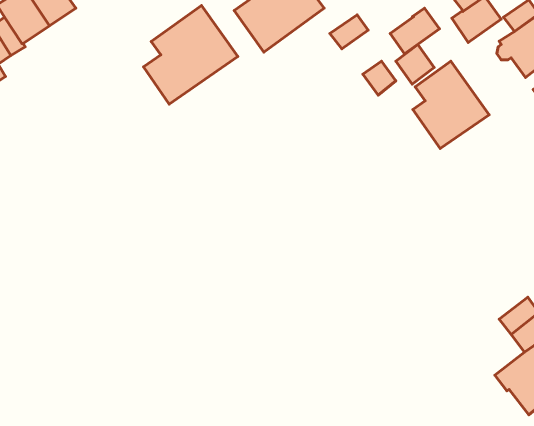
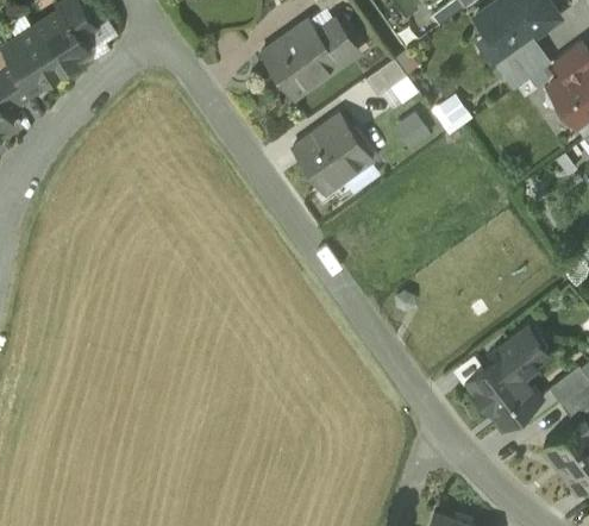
building: [144,5,238,104] -> none
building: [390,8,440,54] -> none
building: [413,61,489,149] -> none
building: none -> [292,114,372,194]
building: none -> [468,328,549,427]

